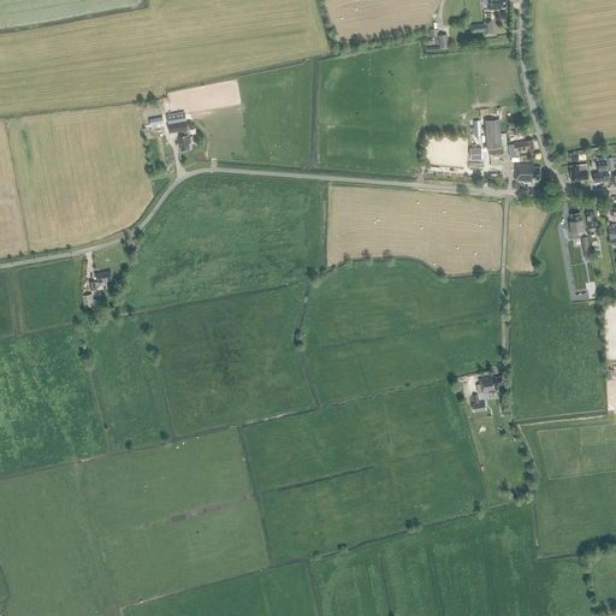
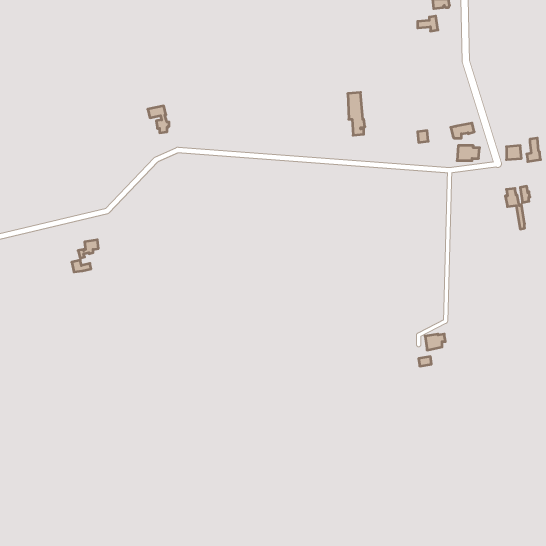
building: [484,118,503,166] -> [348,92,365,135]

